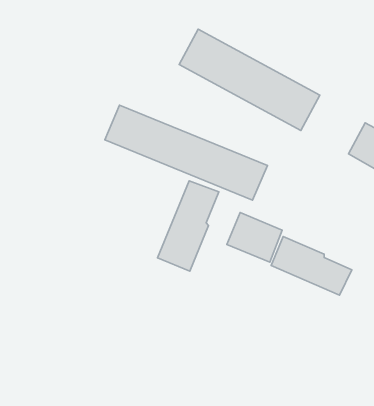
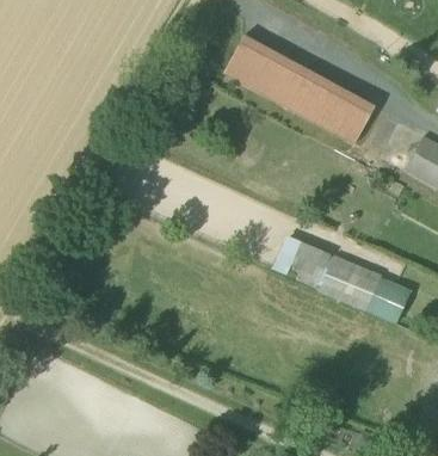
building: [105,105,267,200] -> none
building: [158,181,219,271] -> none

